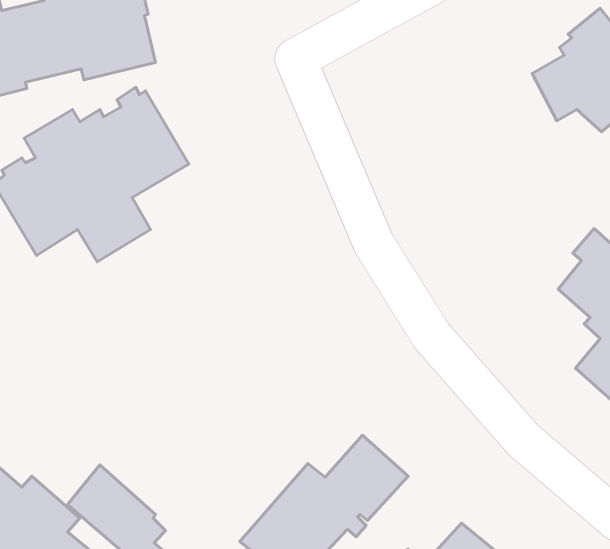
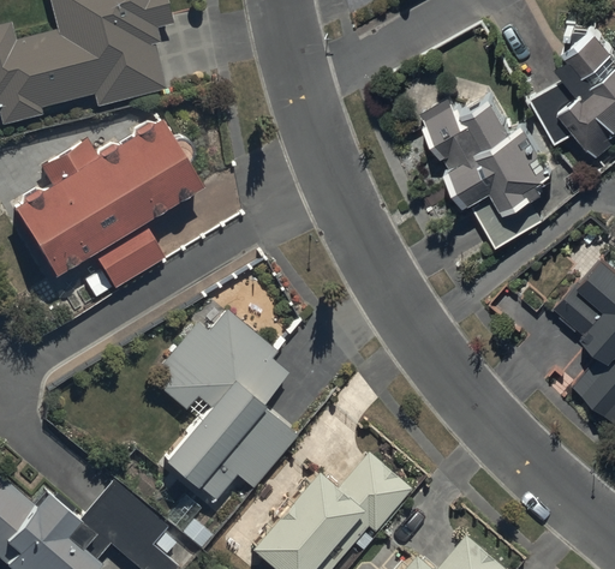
building: none -> [419,98,554,214]
building: none -> [160,310,298,503]

